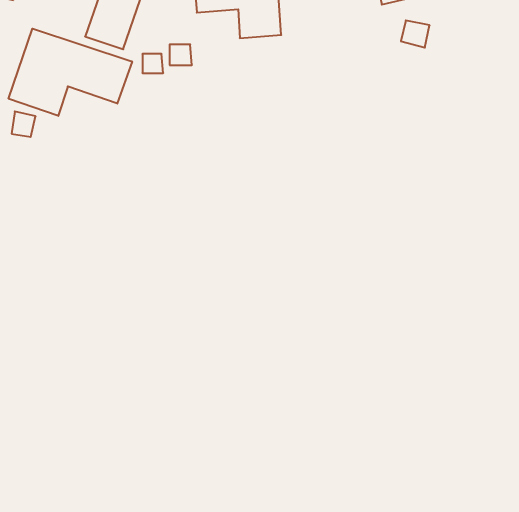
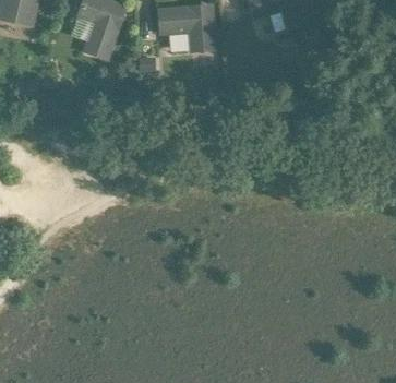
building: [9,29,132,116] -> none

